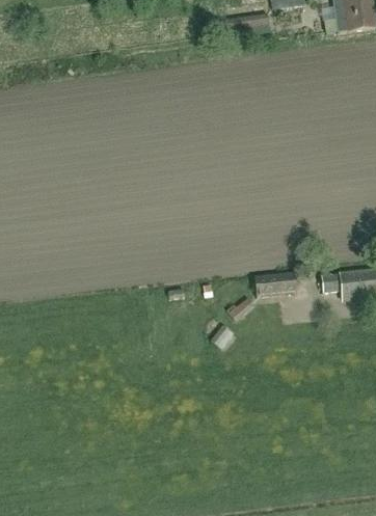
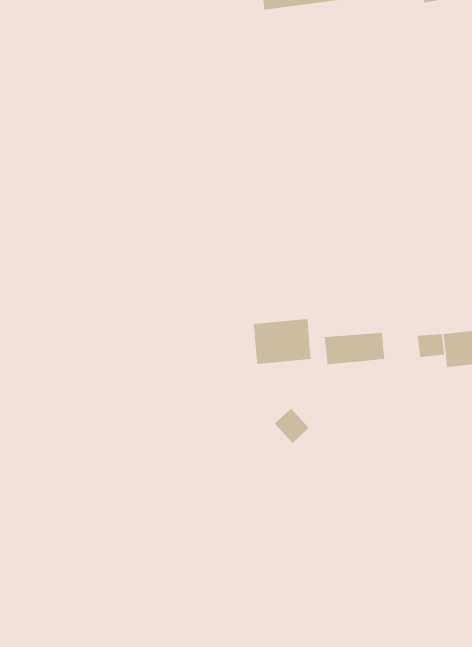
building: none -> [253,318,312,365]

